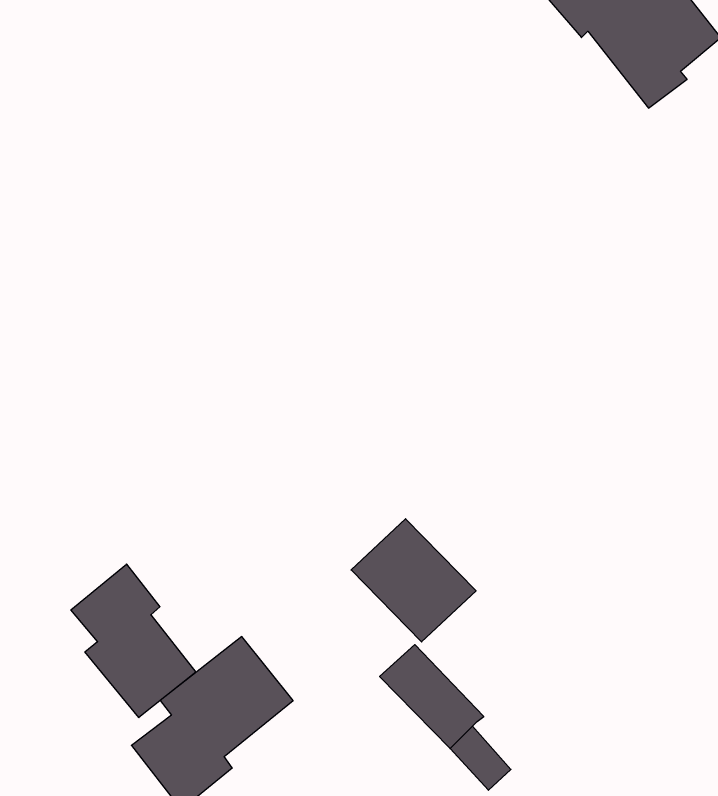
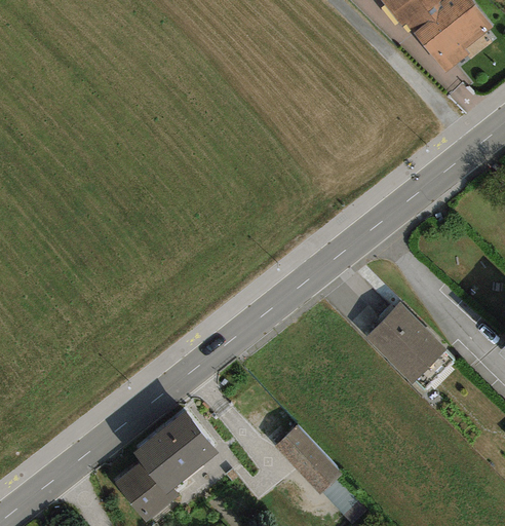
building: [351,519,476,642] -> [365,302,445,381]
building: [71,564,196,718] -> none

